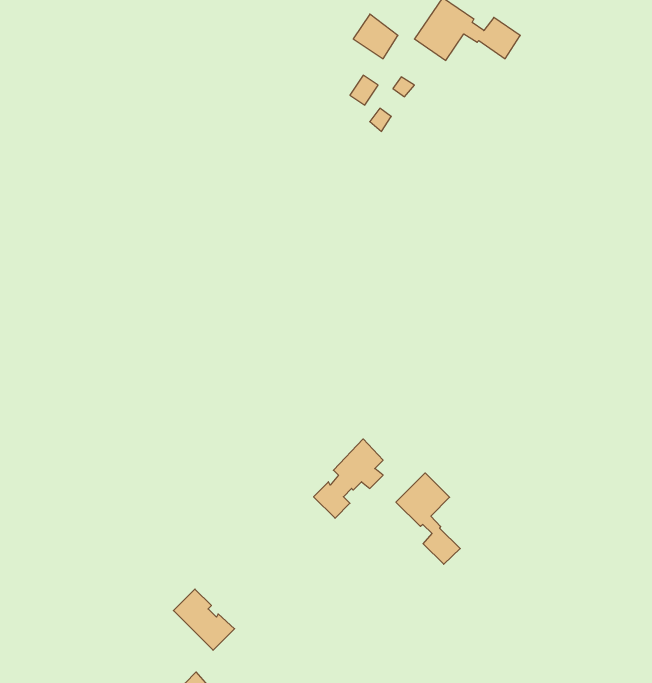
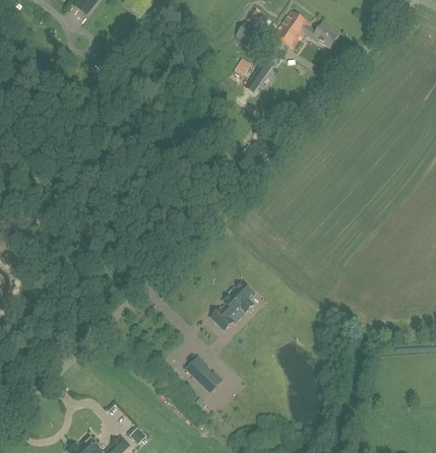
building: [396,473,460,564] -> none
building: [173,589,235,650] -> [186,355,224,393]

